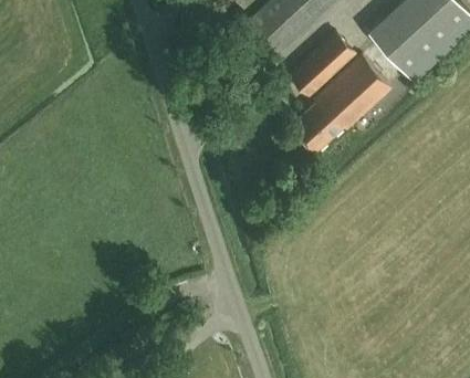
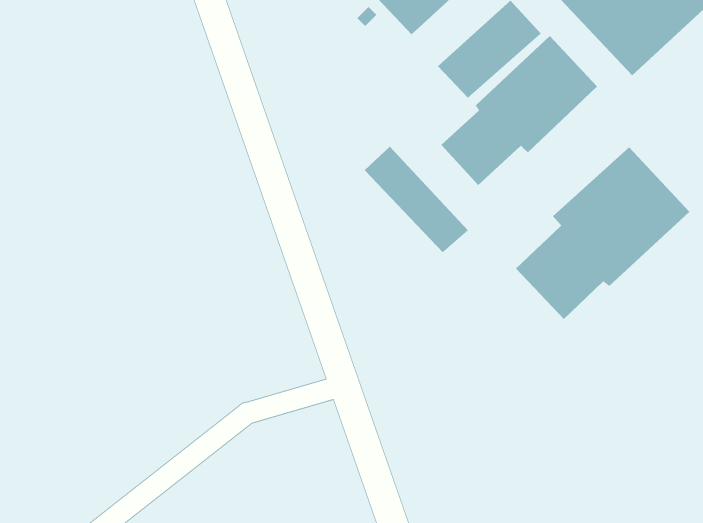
building: none -> [364,146,469,253]
building: none -> [515,146,690,320]

